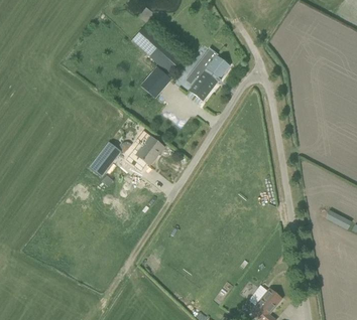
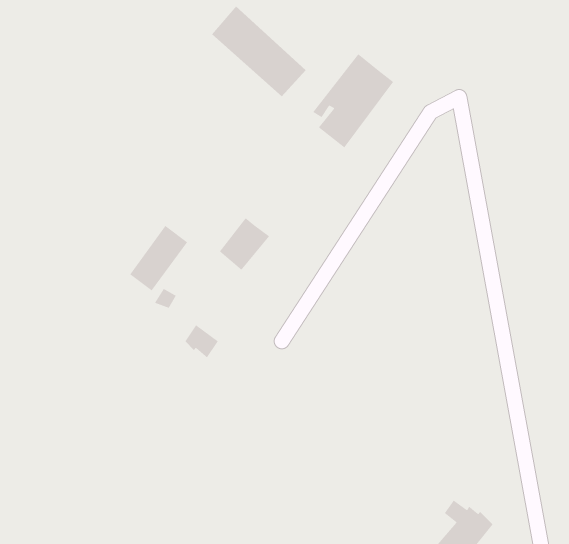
building: [142,69,170,99] -> none

